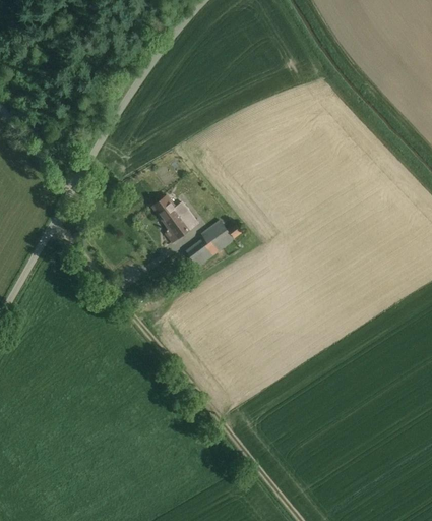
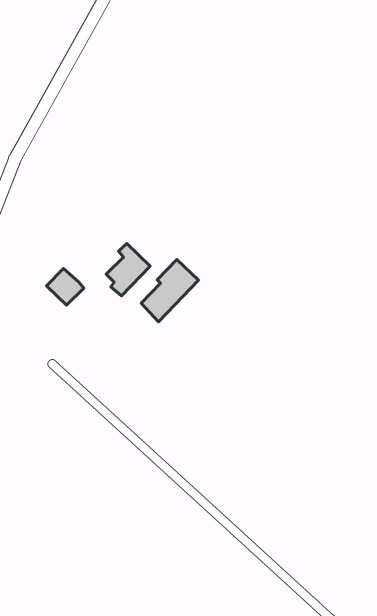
building: [150,195,179,224] -> [46,269,84,305]

